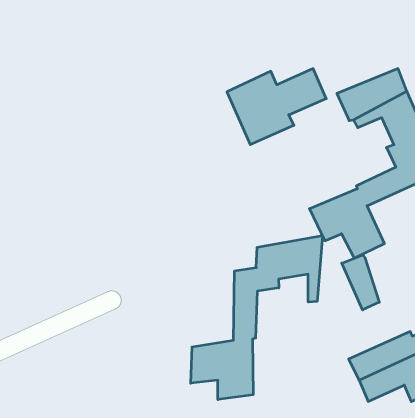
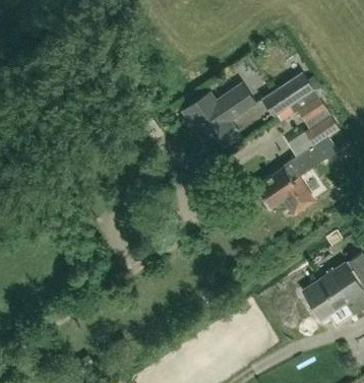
building: [191,235,322,400] -> none
building: [342,255,379,310] -> none

